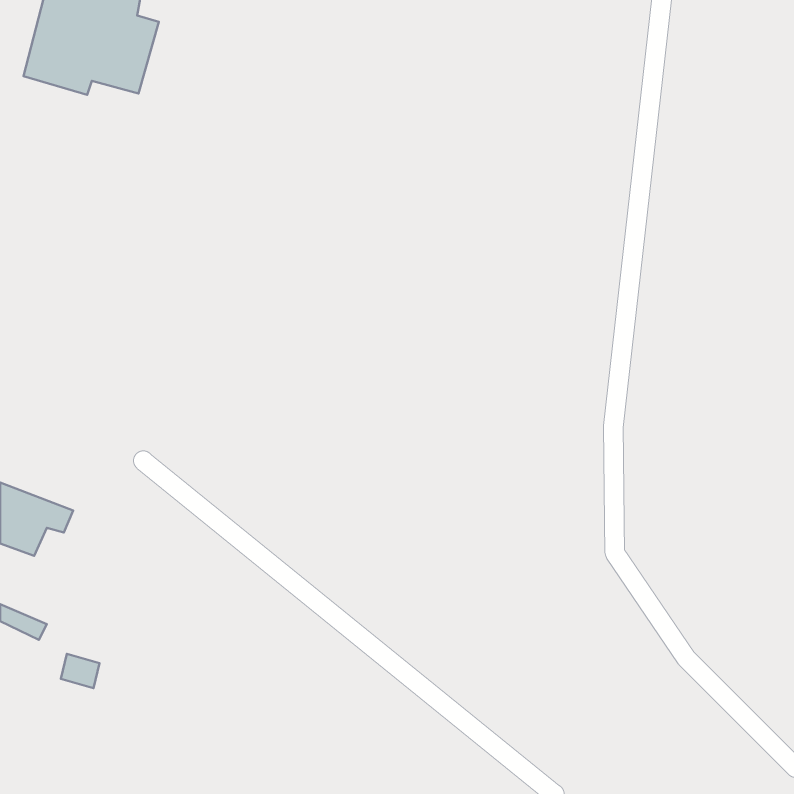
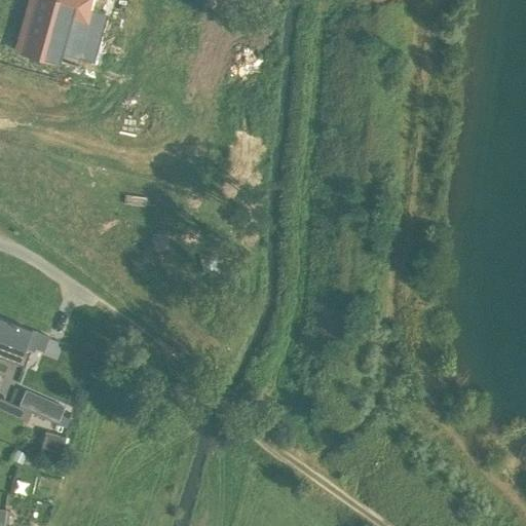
building: none -> [18,390,65,423]

